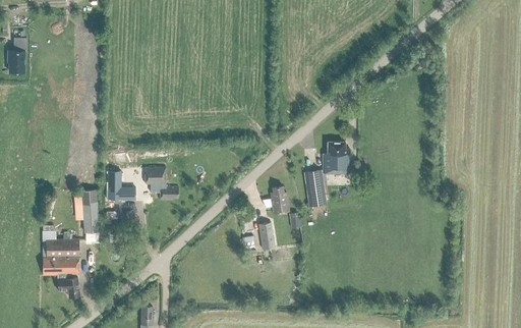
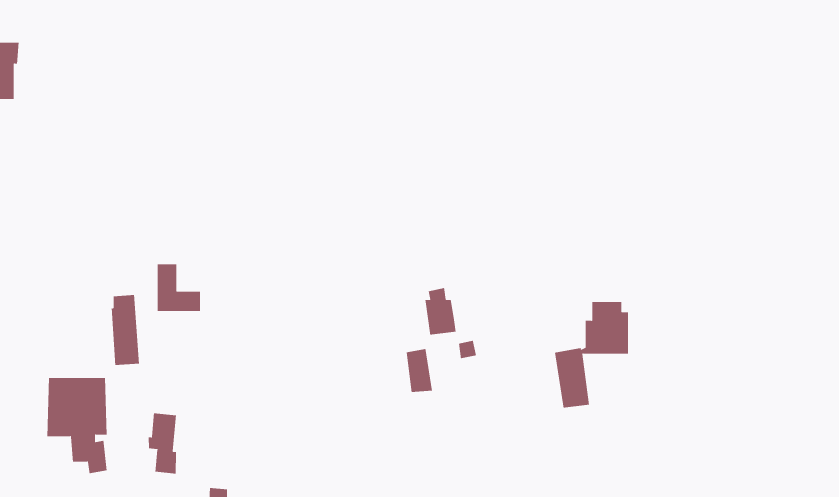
building: [304,142,349,206] -> [554,302,629,408]
building: [144,167,178,200] -> none
building: none -> [148,413,177,474]

